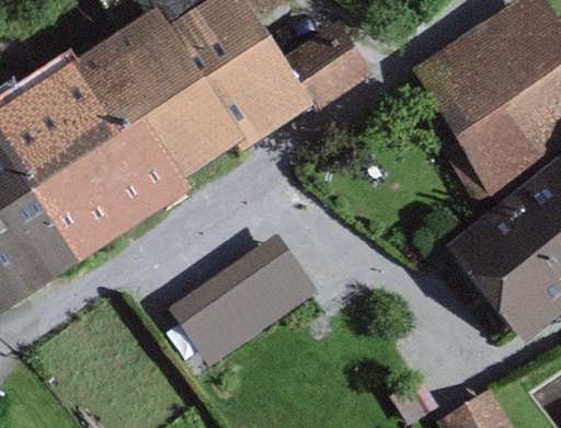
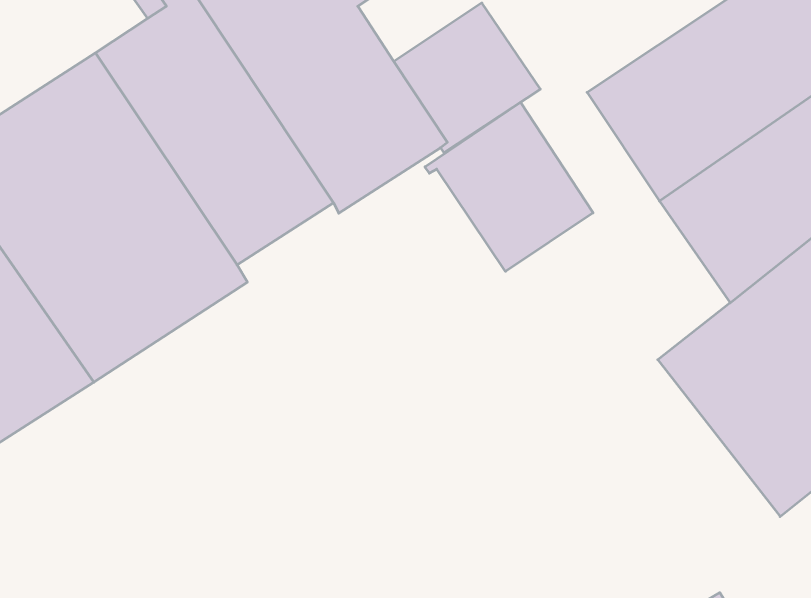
building: none -> [425,102,593,271]
building: [183,231,320,356] -> none

